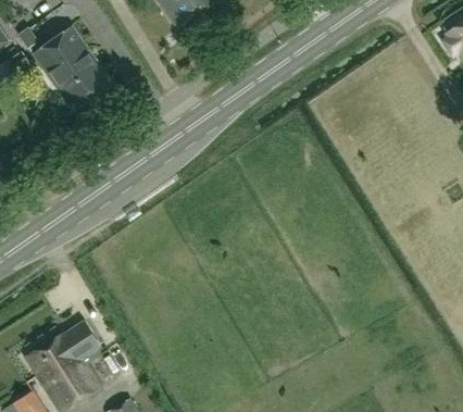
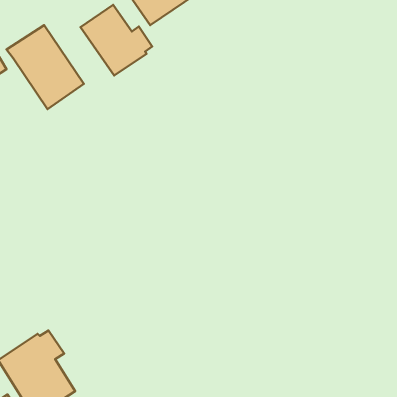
building: none -> [81,5,152,75]

